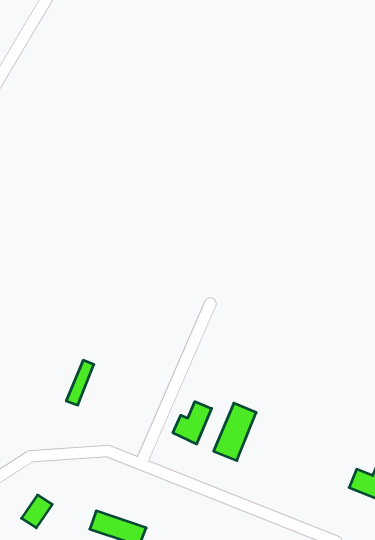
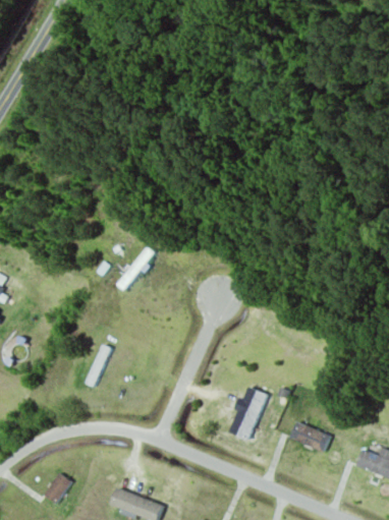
building: none -> [115,245,157,292]
building: [173,402,212,444] -> none
building: none -> [288,420,332,453]

